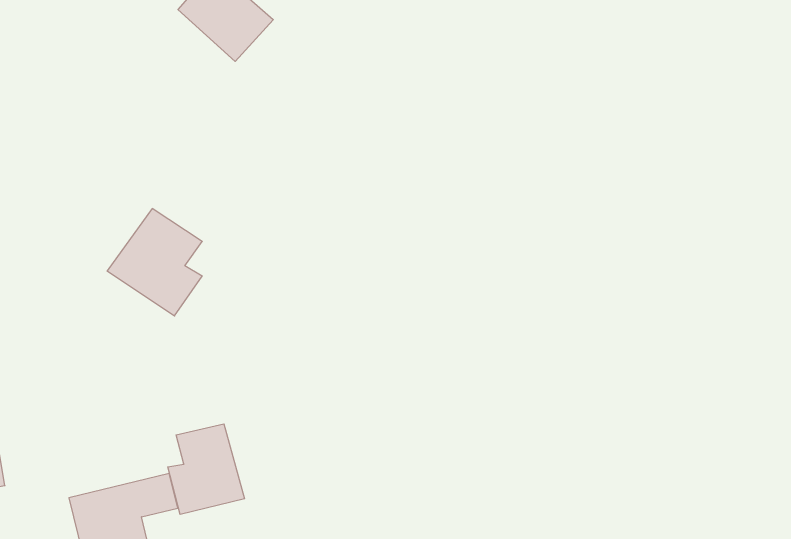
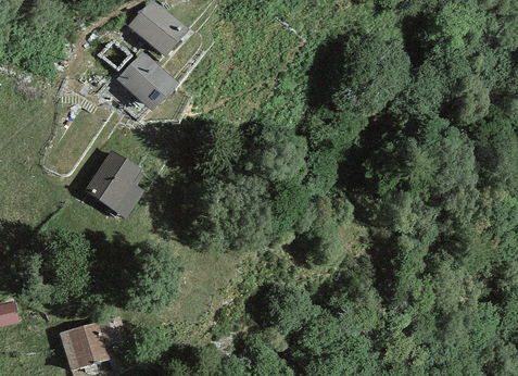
building: none -> [117,51,179,112]
building: [168,424,245,514] -> none

